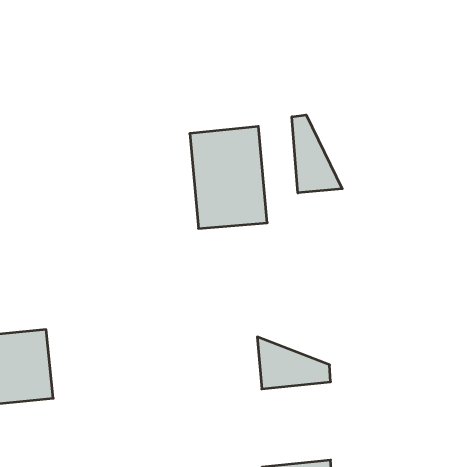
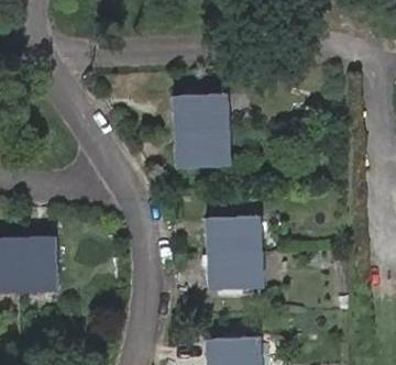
building: [292,115,342,193] -> none
building: none -> [211,221,264,278]

